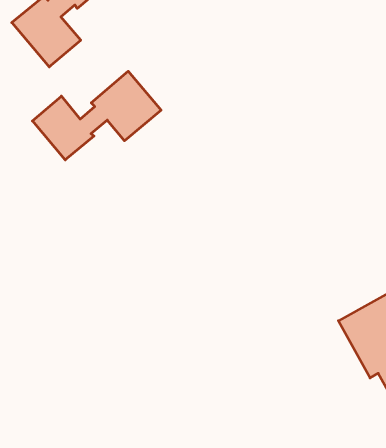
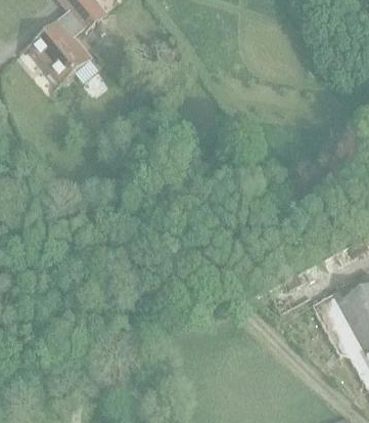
building: [32,71,161,160] -> none

